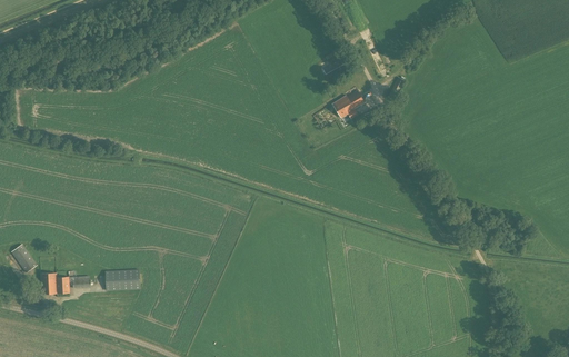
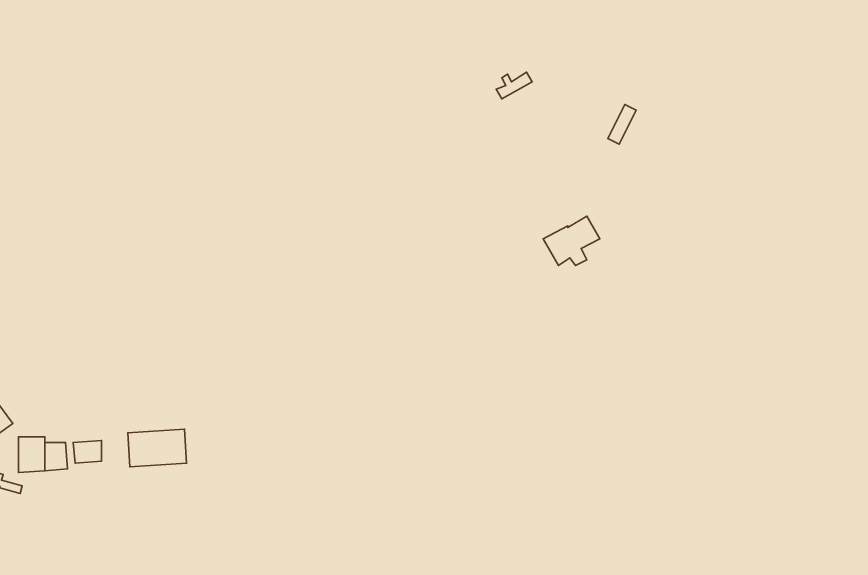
building: [331,89,365,118] -> [543,216,600,265]

